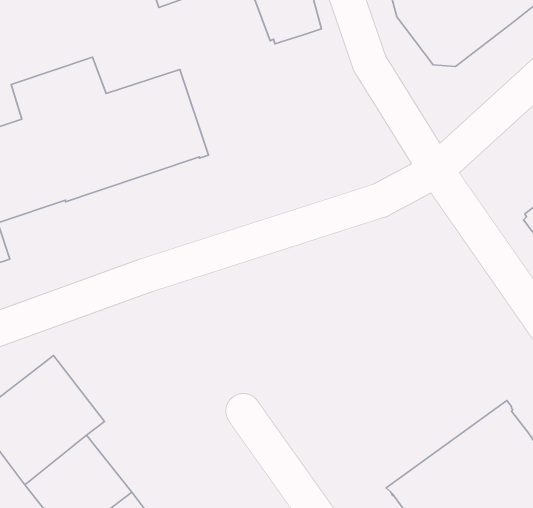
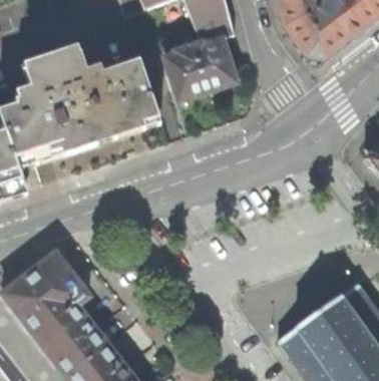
building: none -> [163,37,235,100]

